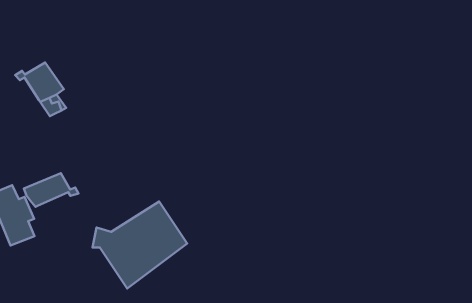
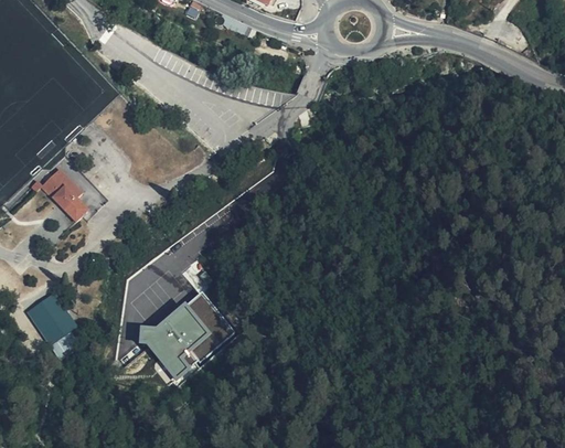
building: [24,173,78,207] -> none

